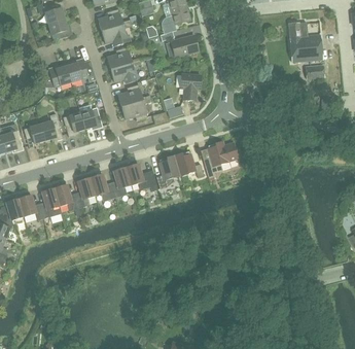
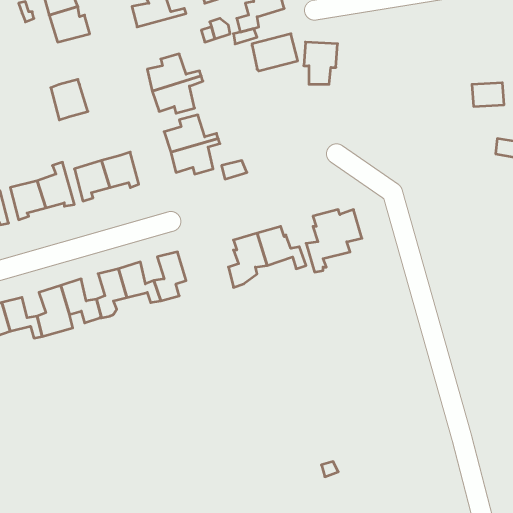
building: [100,22,131,43] -> none
building: [287,22,321,62] -> none
building: [64,57,95,81] -> none
building: [179,73,200,99] -> [304,42,338,84]
building: [125,163,156,190] -> none

